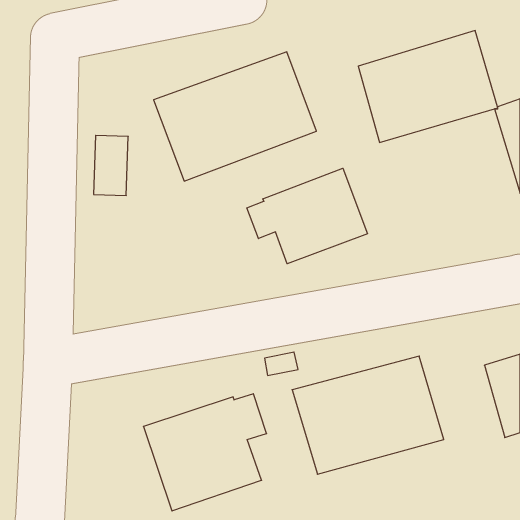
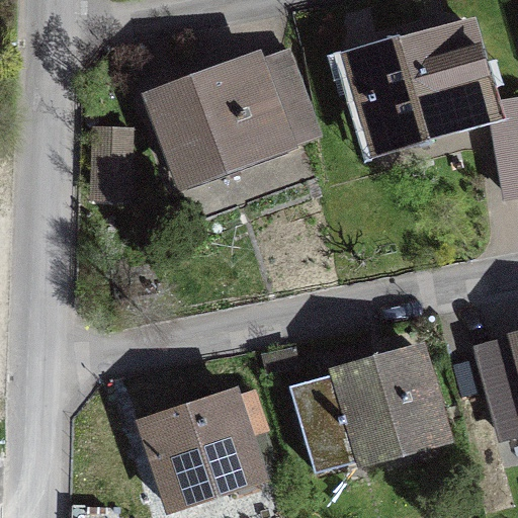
building: [247,168,368,264] -> none

